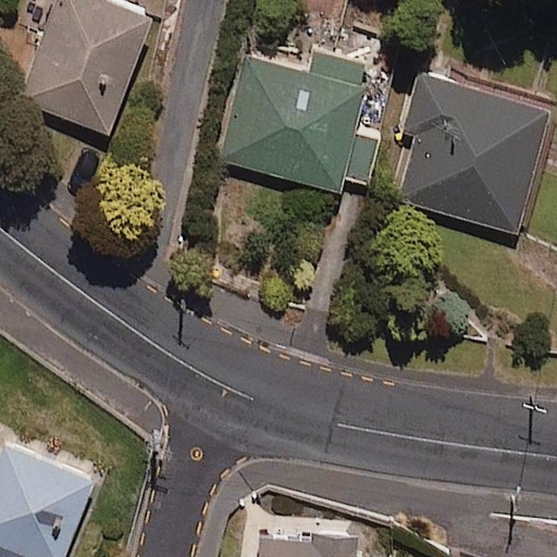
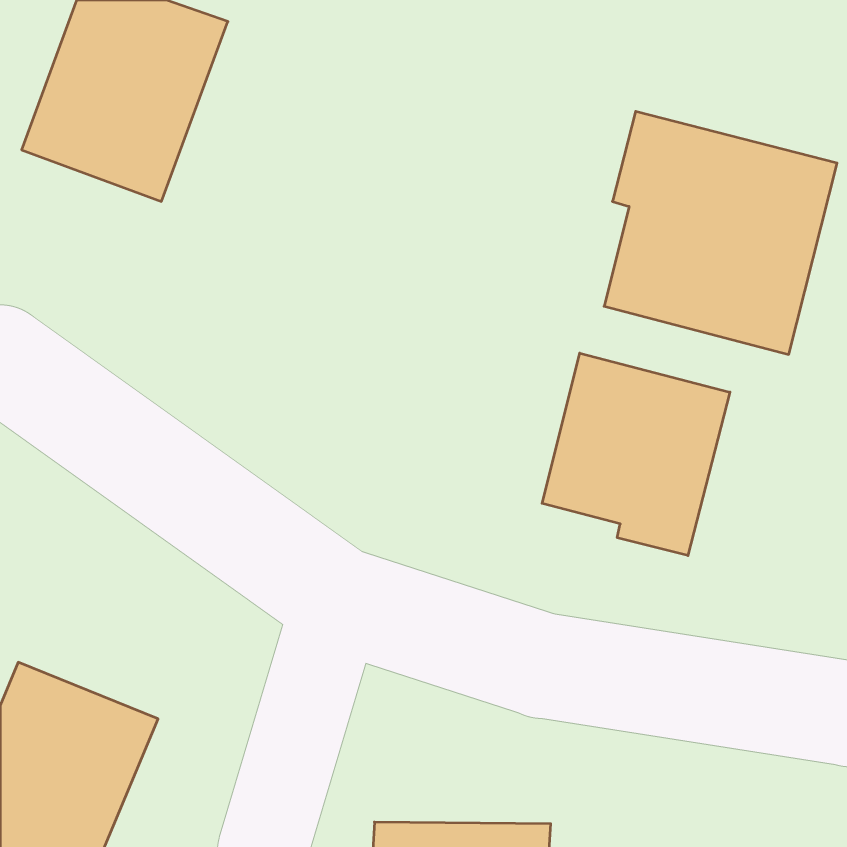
building: [220,50,368,189] -> none
building: none -> [542,353,730,556]

